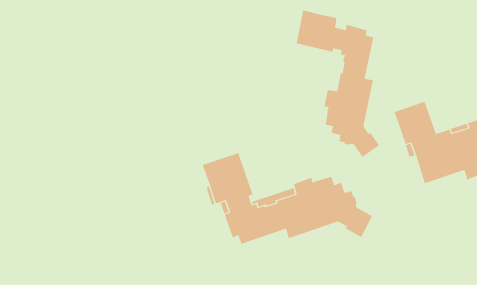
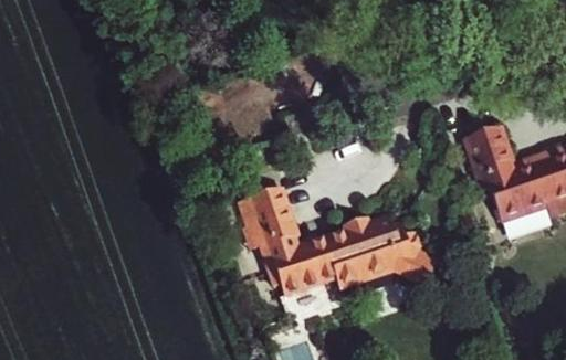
building: [296,9,380,158] -> none

